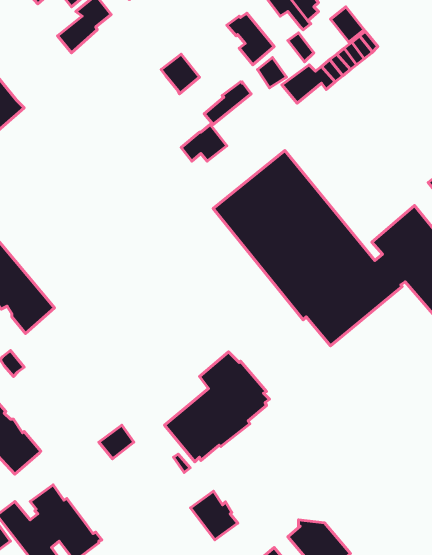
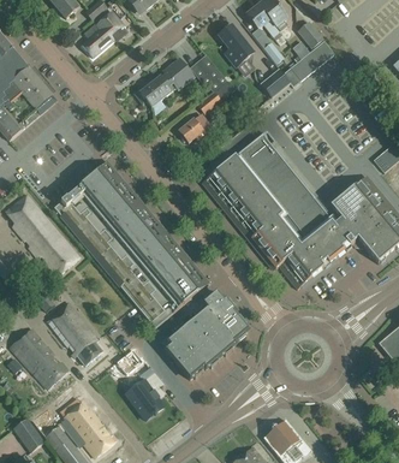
building: none -> [189,54,226,90]
building: none -> [135,75,177,106]
building: none -> [54,162,210,327]
building: none -> [47,302,102,364]
building: [191,491,238,540] -> [129,379,166,417]

